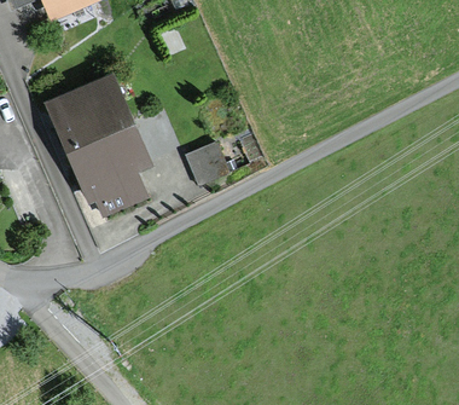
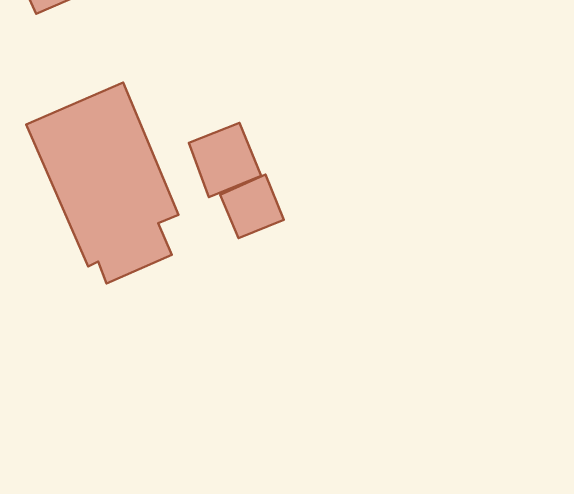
building: none -> [189,123,261,197]

